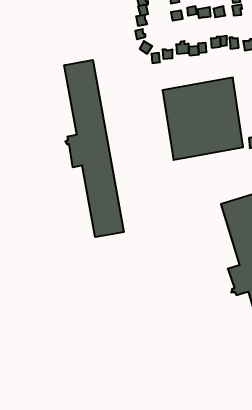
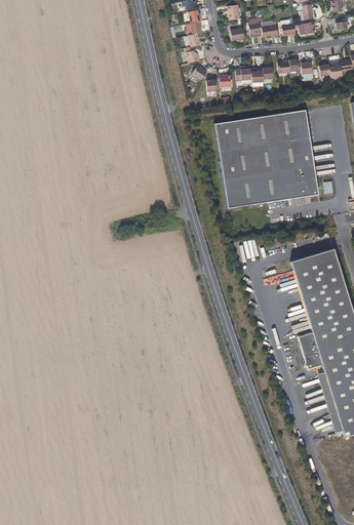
building: [64,60,124,237] -> none

